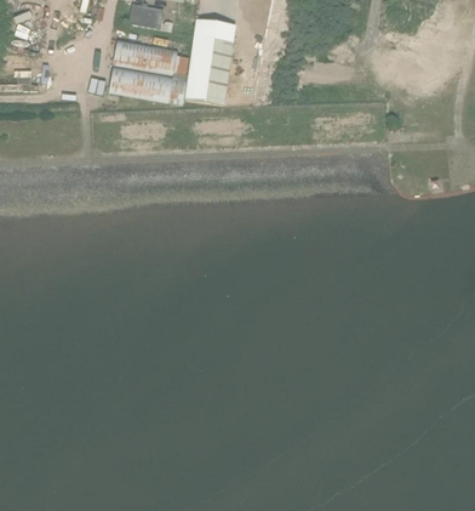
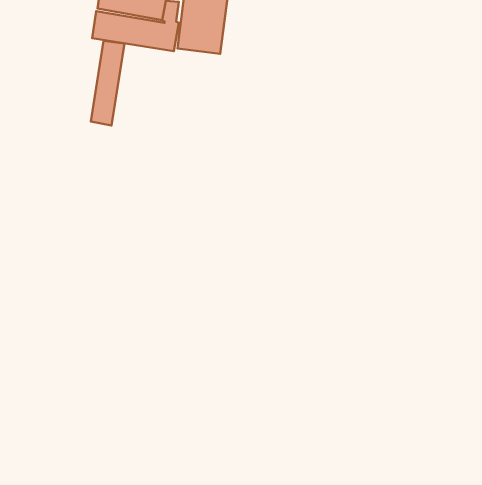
building: none -> [91,41,124,126]

